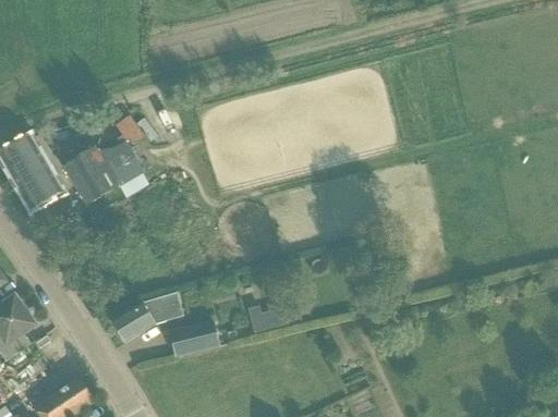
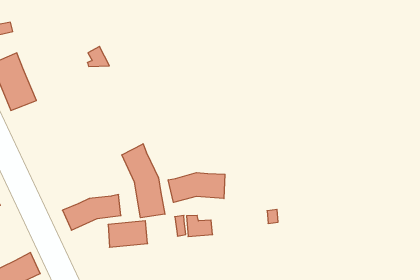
building: [63,143,143,205] -> none
building: none -> [122,144,165,218]
building: none -> [168,173,225,202]

